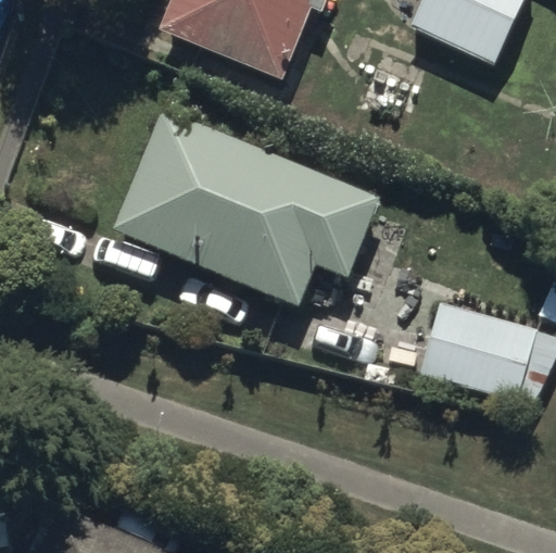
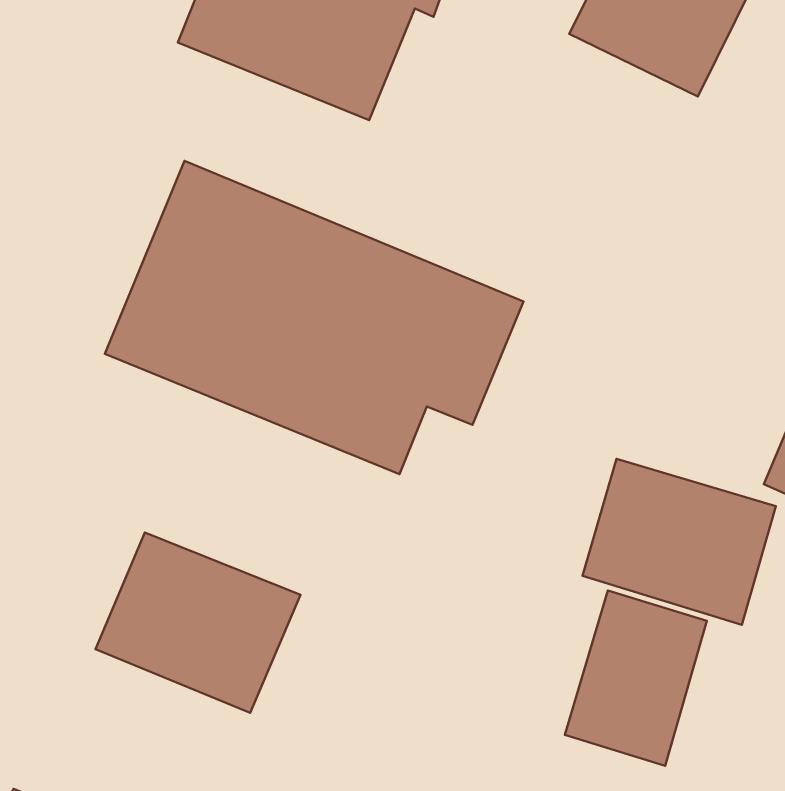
building: none -> [95,532,301,713]
building: none -> [565,591,707,766]

